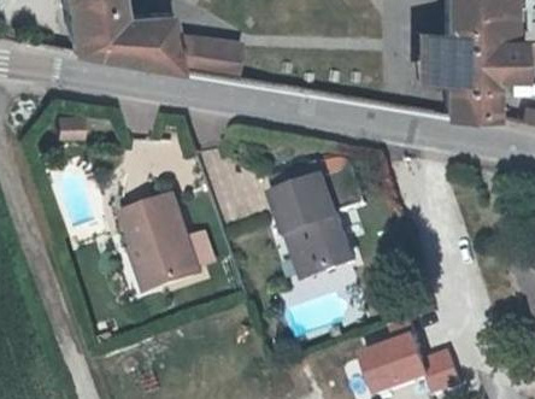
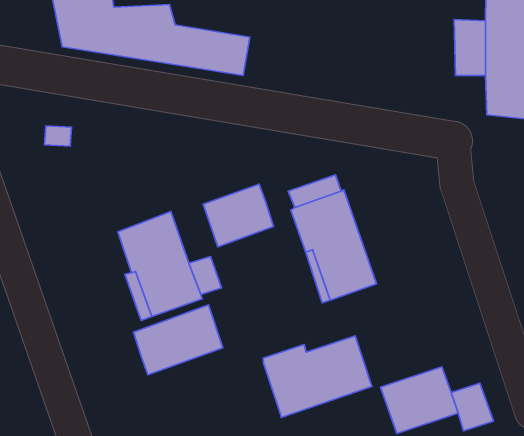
building: none -> [203,184,274,247]
building: none -> [133,305,223,375]
building: none -> [263,336,372,417]

